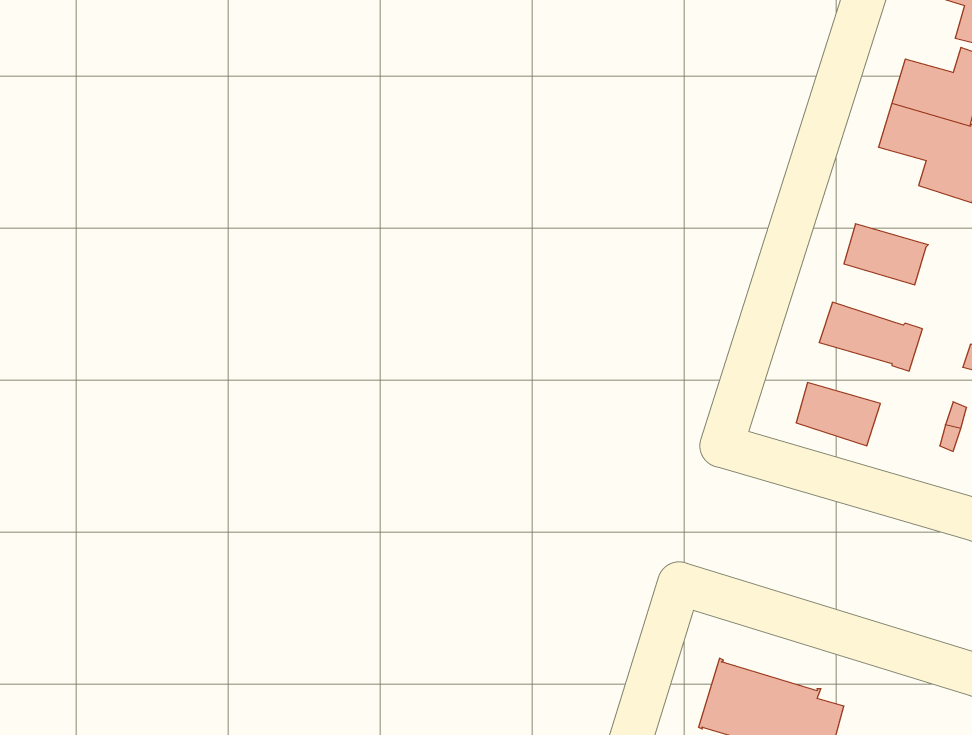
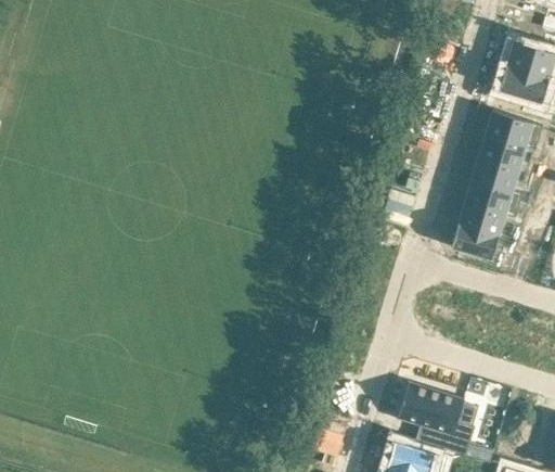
building: none -> [486,110,544,150]
building: none -> [473,156,519,191]
building: none -> [459,201,506,235]

